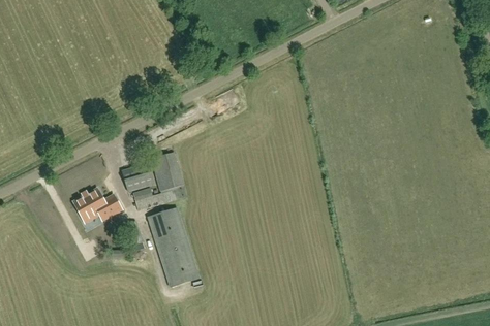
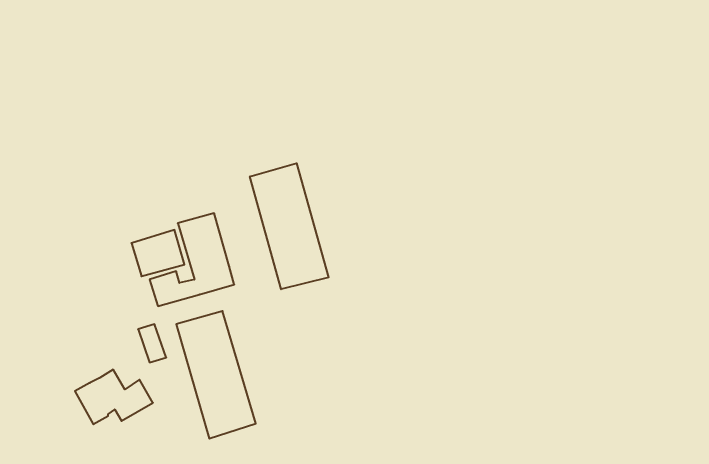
building: none -> [250,163,329,289]
building: [73,187,122,221] -> [75,370,153,424]

